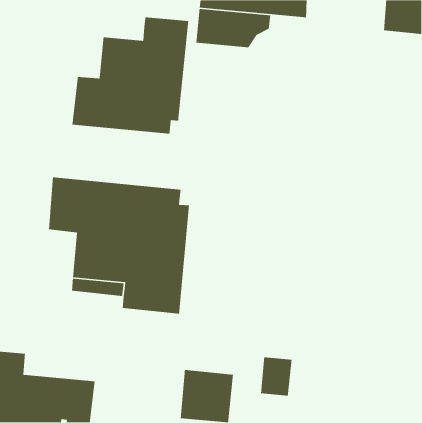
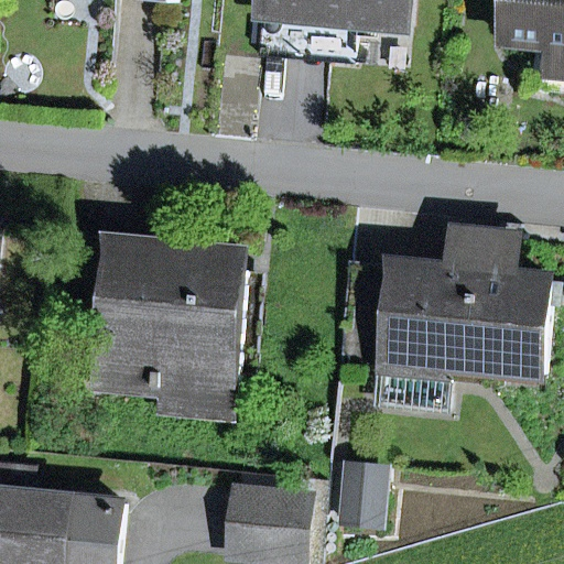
building: [72,17,189,135] -> none
building: none -> [339,235,556,409]

